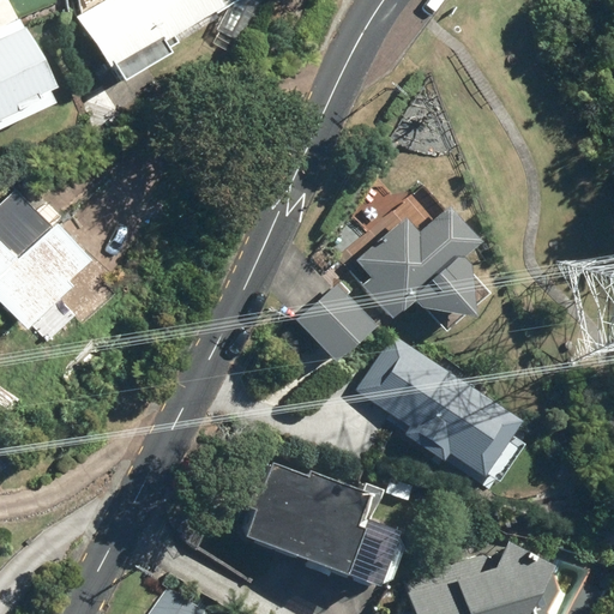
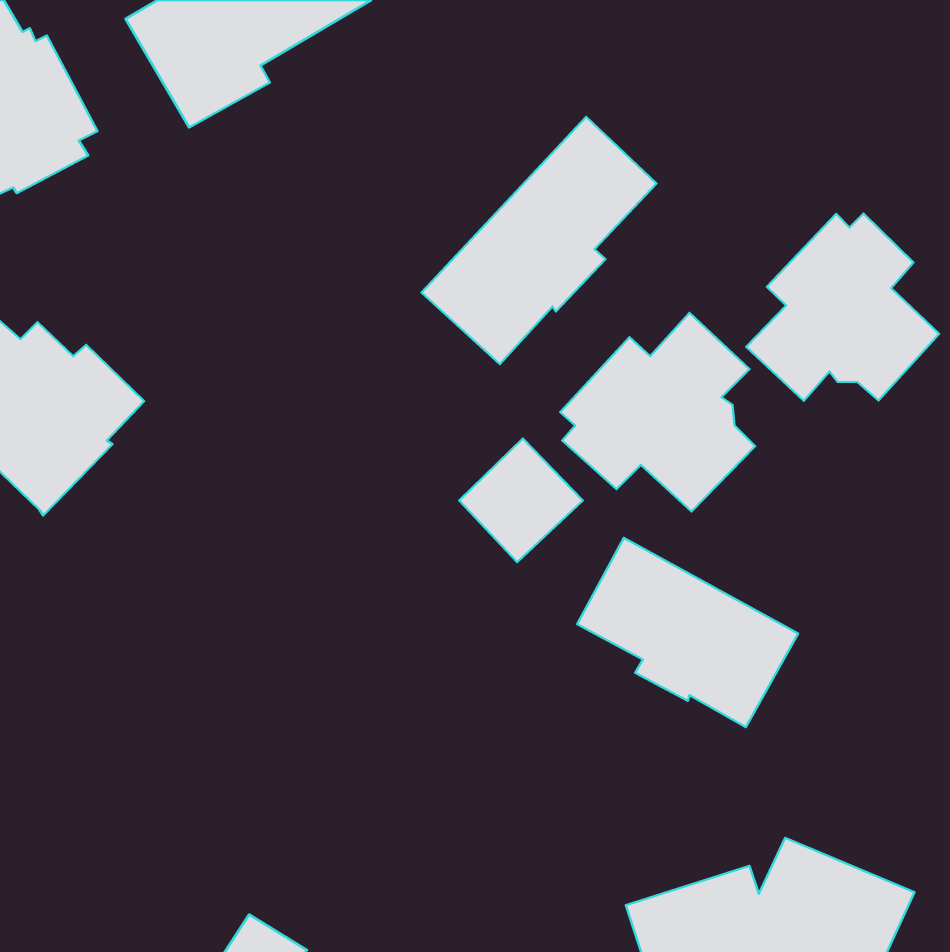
building: none -> [422,117,656,364]
building: none -> [746,214,939,401]
building: [239,459,398,580] -> none

